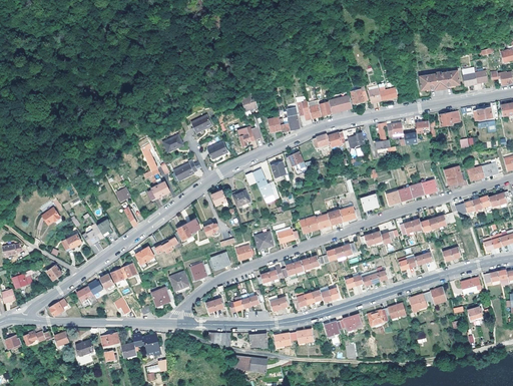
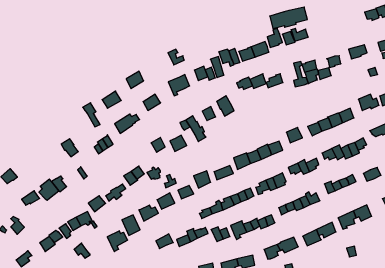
building: [419,70,460,90] -> [270,7,307,29]

